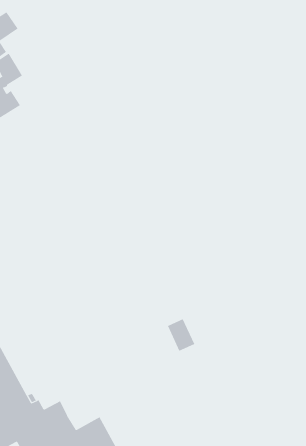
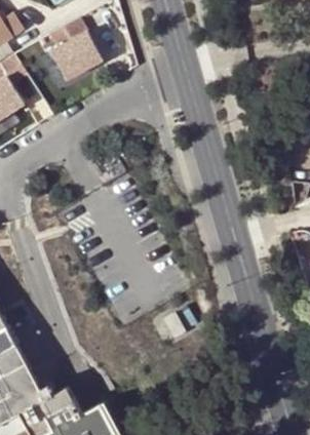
building: none -> [47,19,102,79]

